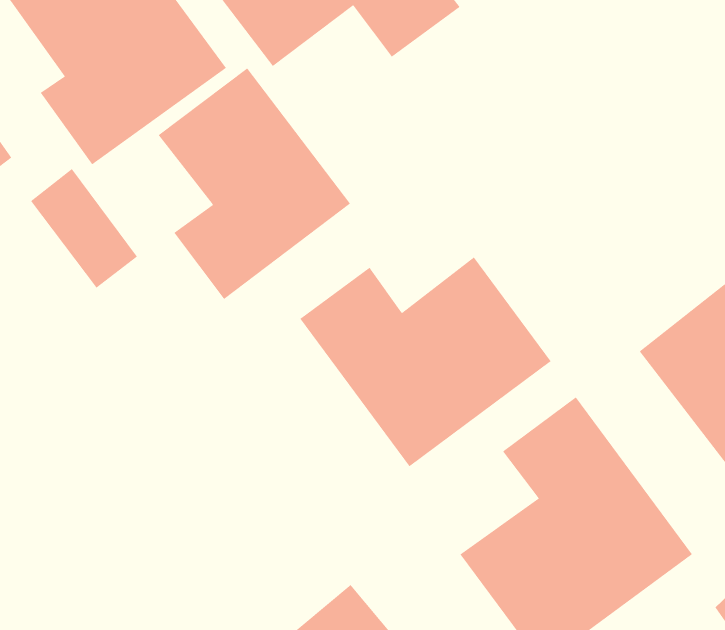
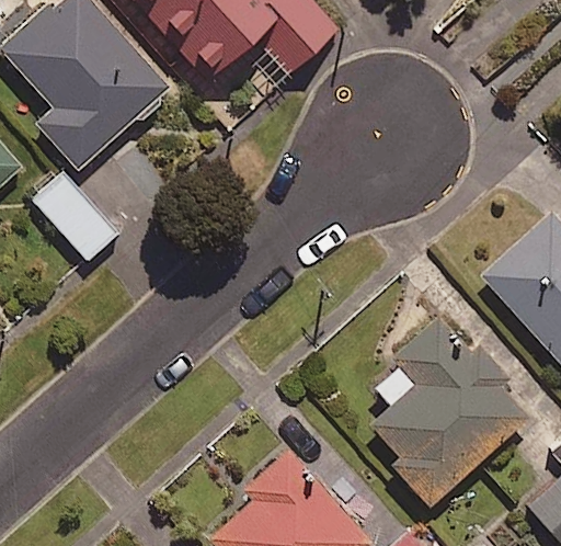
building: [158,67,351,300] -> none
building: [299,257,551,467] -> none

